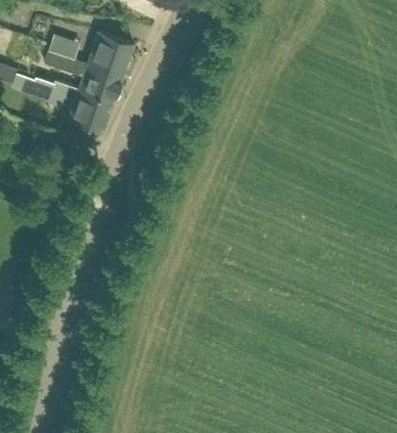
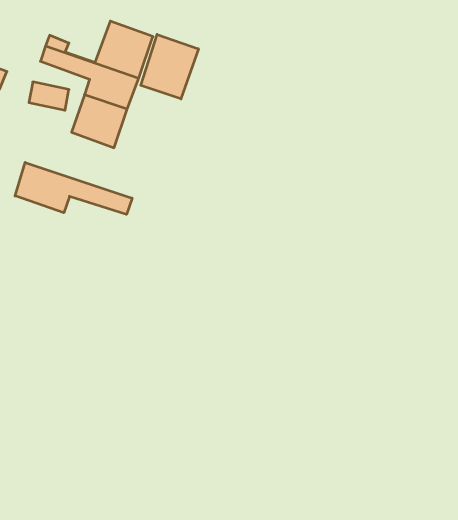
building: none -> [141,34,198,99]
building: none -> [15,162,132,214]

